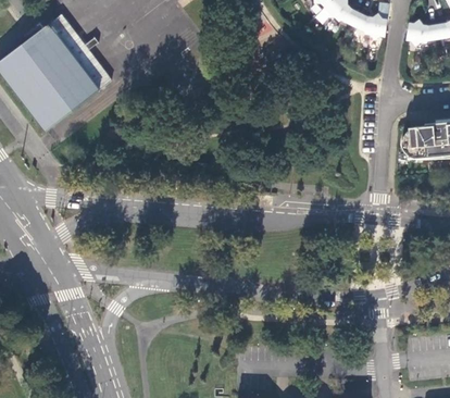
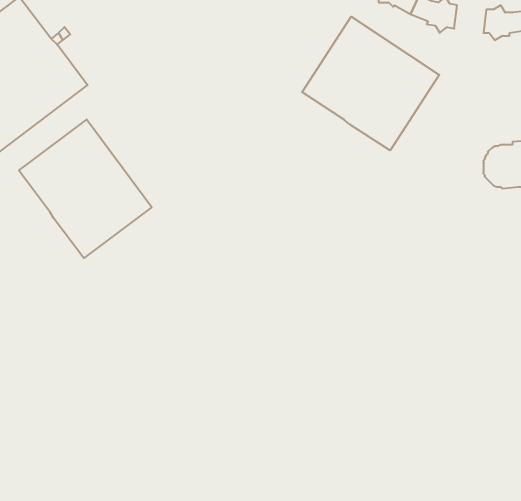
building: none -> [302,17,439,150]
building: none -> [19,119,152,258]

